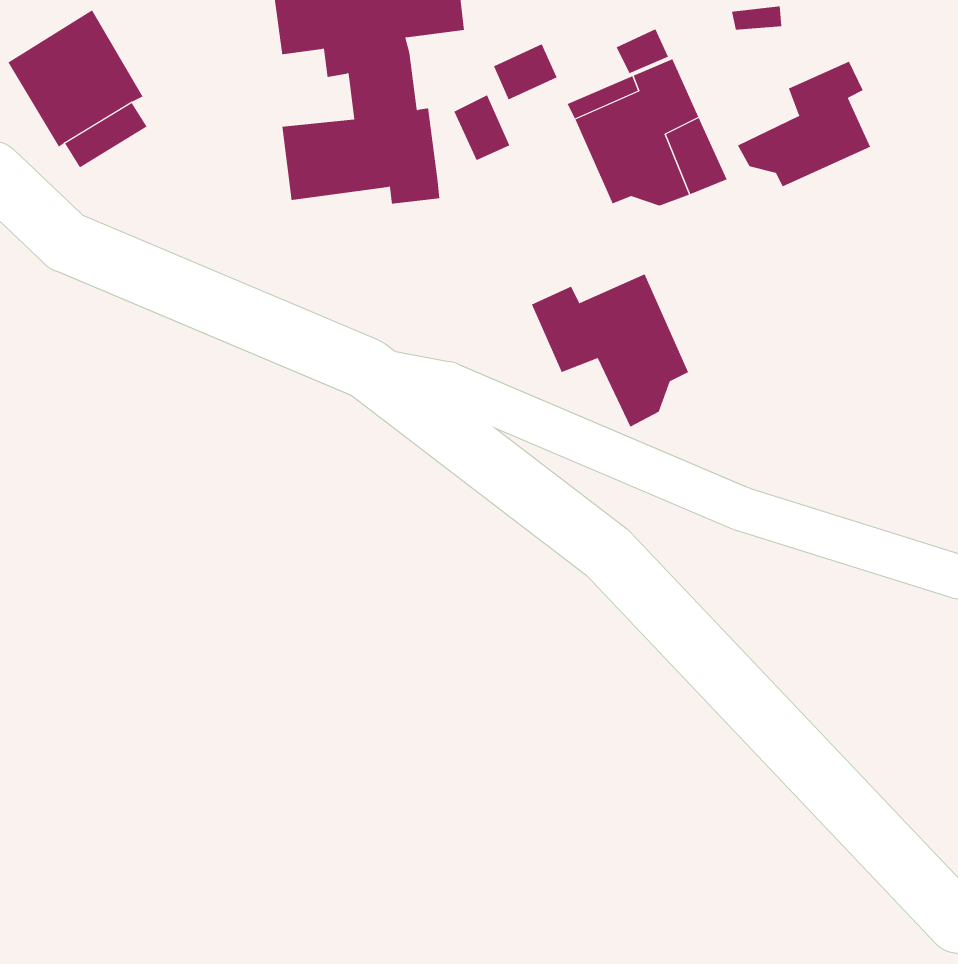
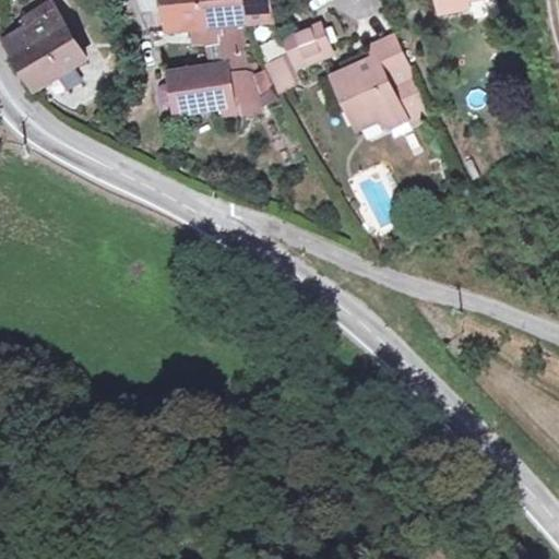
building: [737,61,871,187] -> none
building: [531,273,689,428] -> none

